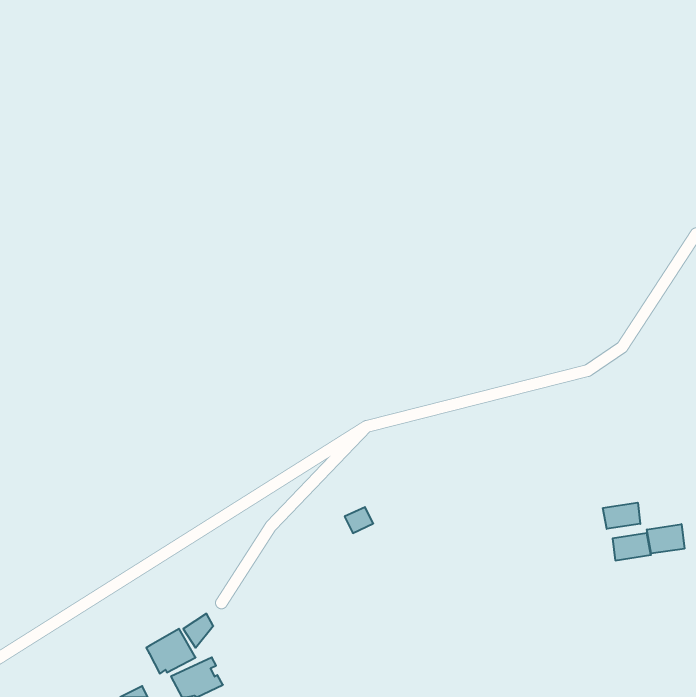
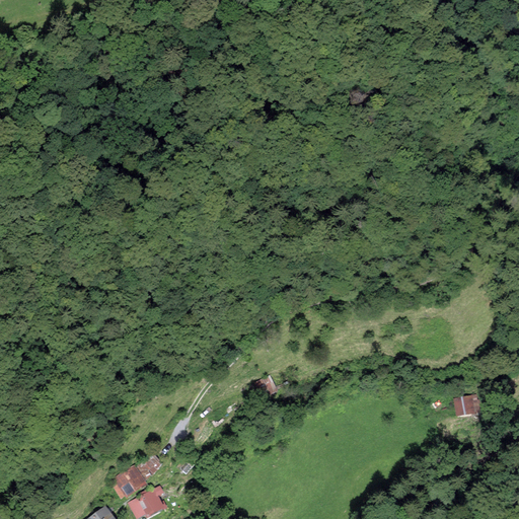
building: [603,503,640,529] -> none
building: [647,524,684,554] -> none

